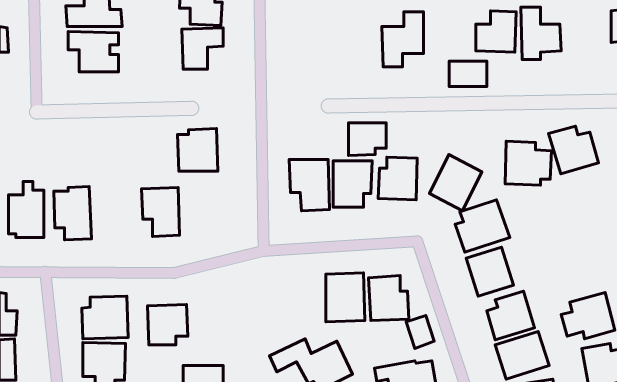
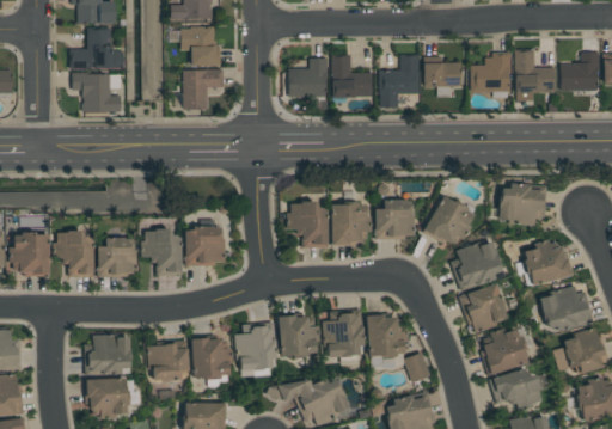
building: none -> [561,49,599,91]
building: none -> [288,55,328,99]
building: none -> [332,56,372,97]
building: [449,61,487,87] -> [424,62,461,87]
building: [348,123,386,155] -> none
building: [549,126,599,174] -> [522,240,571,287]
building: [178,128,218,171] -> [184,222,224,264]
building: none -> [97,238,136,276]
building: none -> [538,284,592,331]
building: none -> [279,312,318,356]
building: none -> [237,321,275,372]
building: none -> [191,335,230,379]

